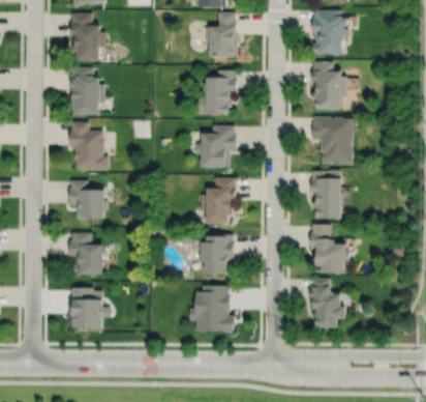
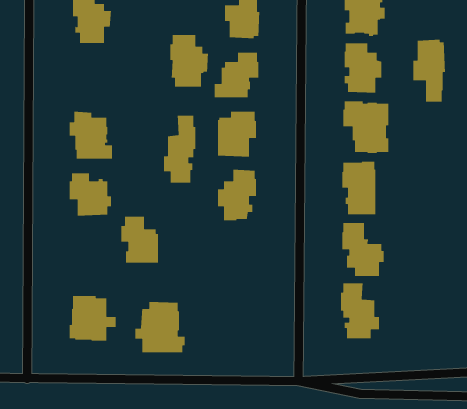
building: none -> [412,39,446,102]
building: [70,70,105,118] -> [170,34,209,88]
building: none -> [163,115,196,183]
building: [69,232,103,275] -> [121,216,159,263]
building: [201,233,235,276] -> none
building: [190,286,236,333] -> [134,301,186,353]

